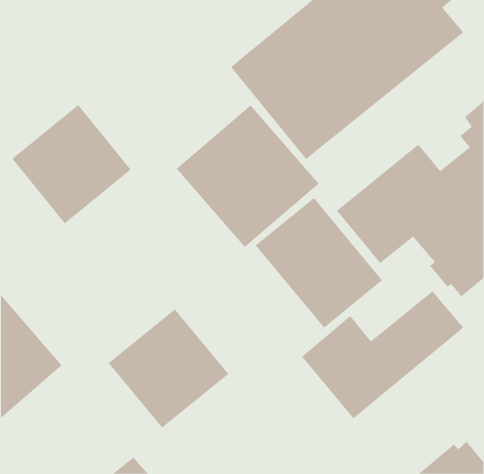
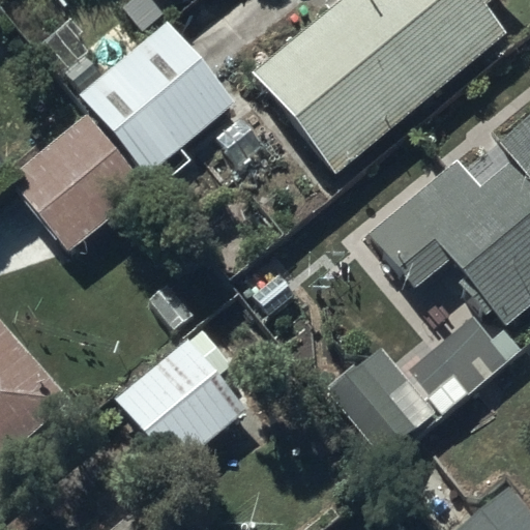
building: none -> [80,21,236,176]
building: [176,104,320,248] -> none
building: [255,197,383,328] -> none

